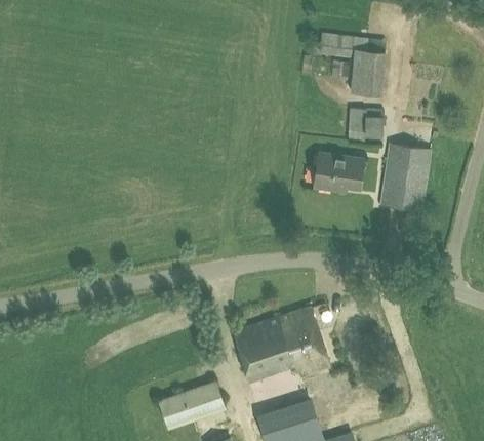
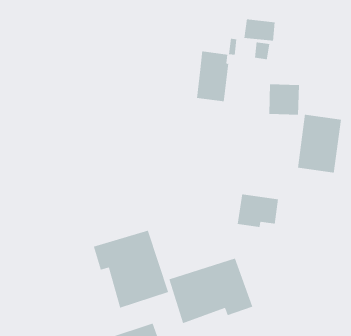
building: [350,37,388,95] -> [196,51,229,102]
building: [315,152,363,191] -> [237,194,279,228]
building: none -> [93,230,169,309]

